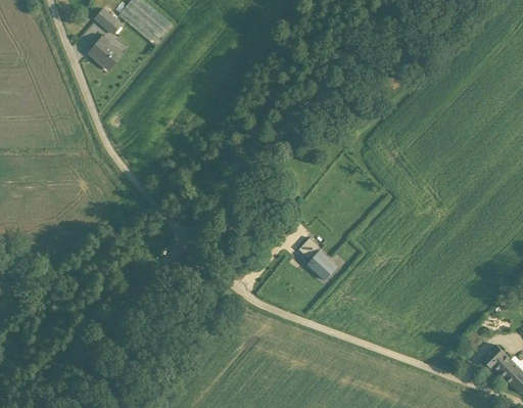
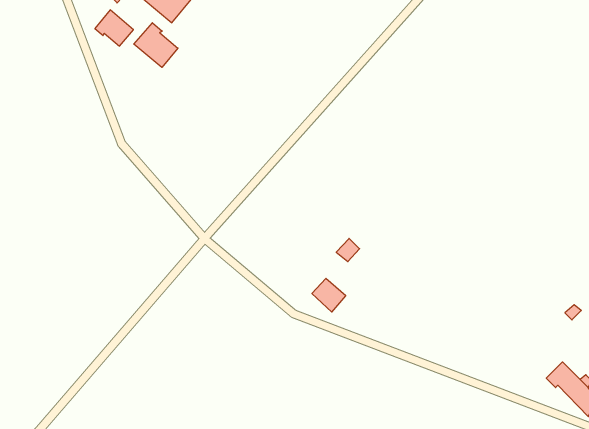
building: none -> [134,23,178,67]
building: [306,251,336,280] -> [312,278,346,312]

